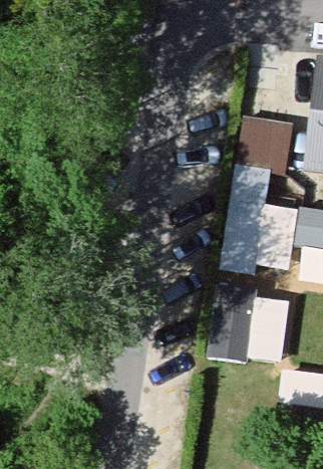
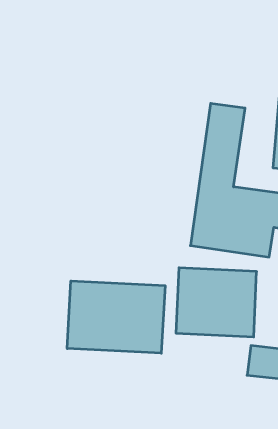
building: none -> [67,281,165,353]

